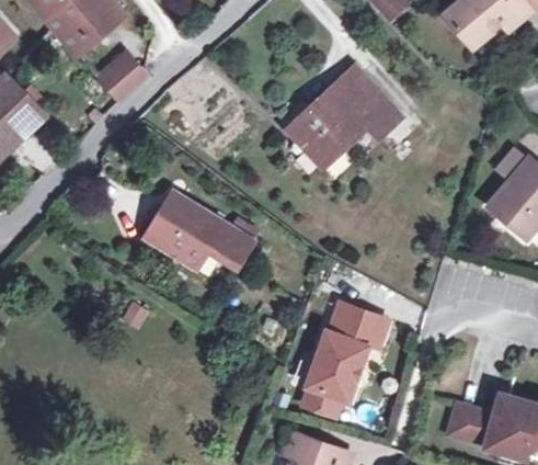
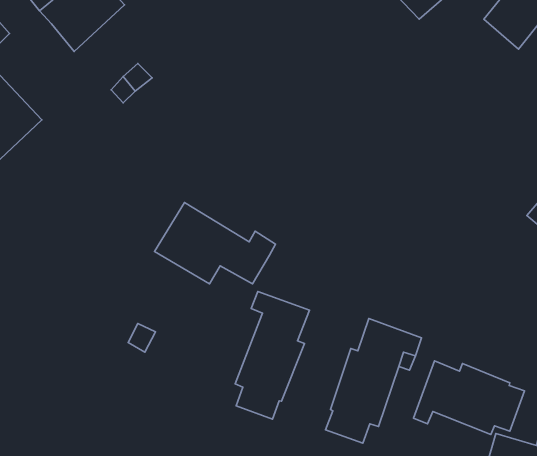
building: [286,66,399,167] -> none
building: none -> [235,291,310,419]
building: none -> [414,361,525,434]

